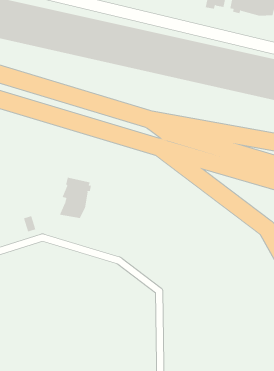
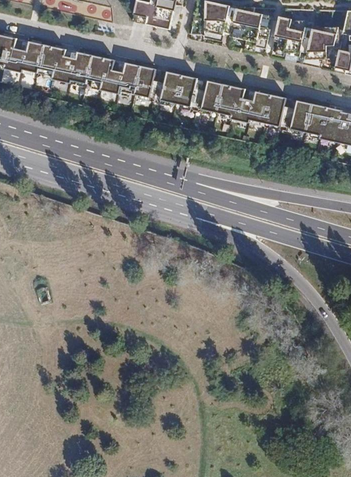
building: [59,177,92,219] -> none

